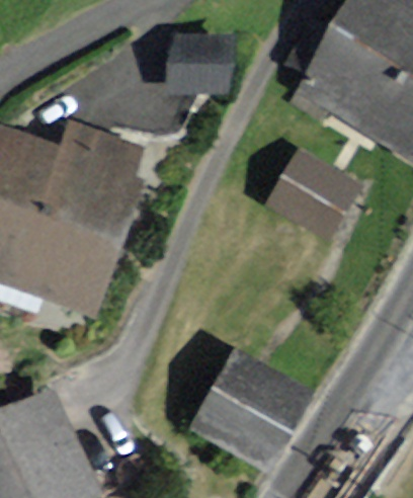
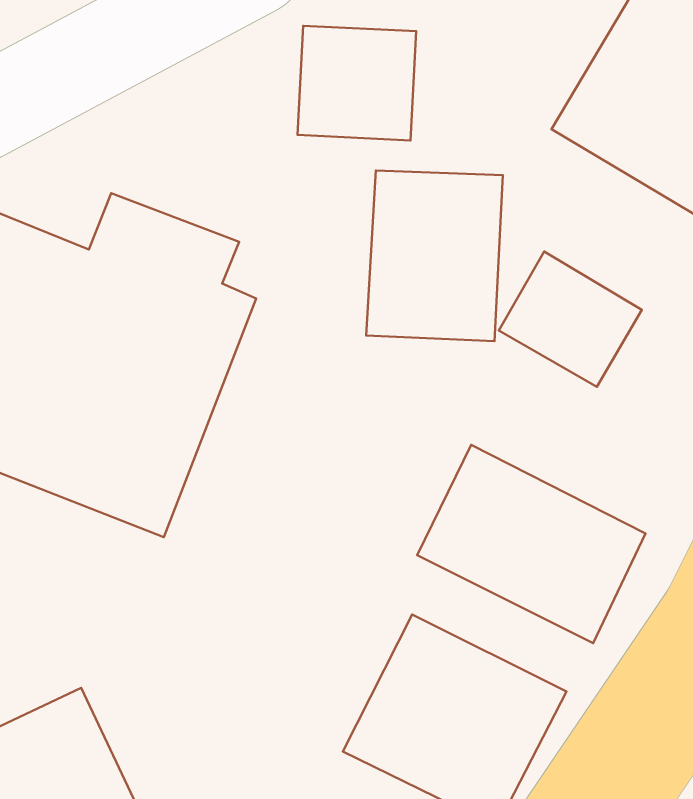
building: none -> [366,170,503,341]
building: none -> [417,445,646,643]

